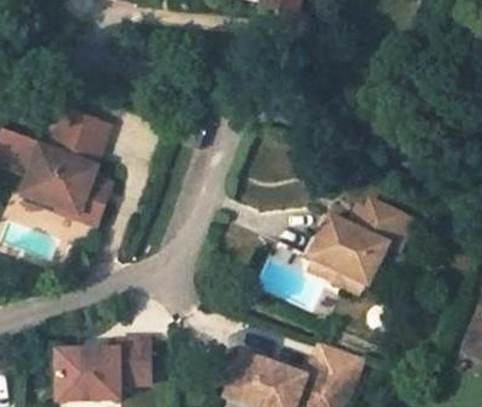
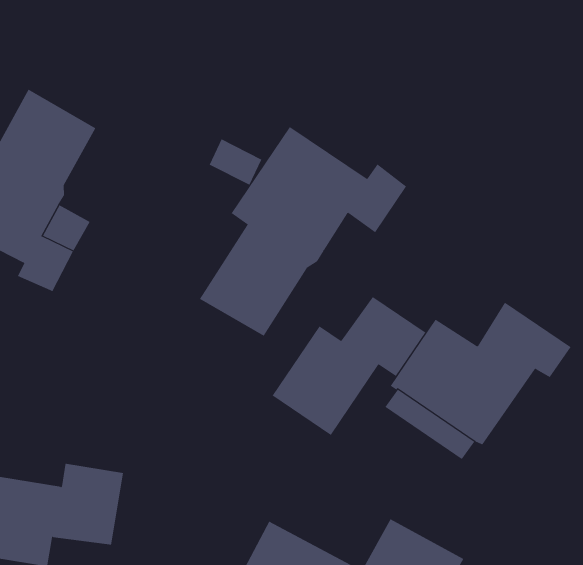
building: none -> [199,126,407,336]
building: none -> [272,296,426,436]

